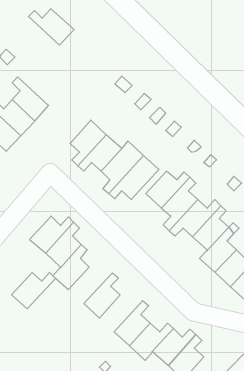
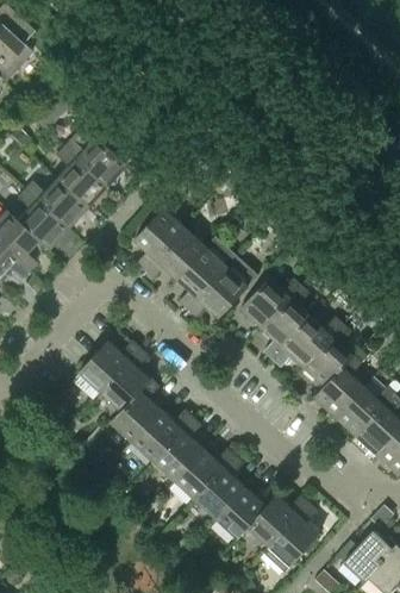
building: [28,9,74,45] -> [62,138,125,188]
building: [12,272,56,309] -> [132,411,193,461]
building: none -> [175,449,235,500]

